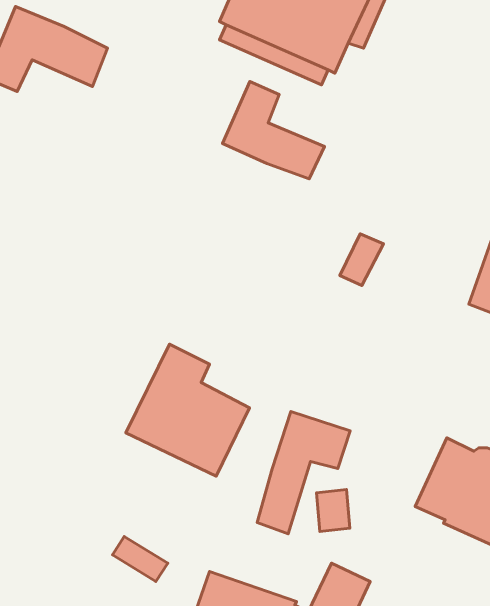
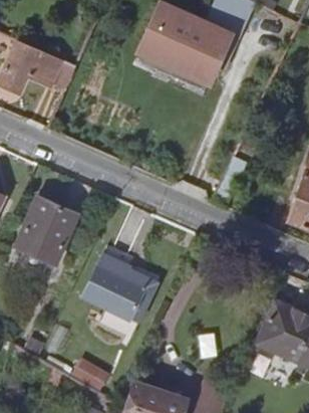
building: [223,82,324,179] -> none
building: none -> [13,196,76,264]
building: [257,412,350,534] -> none

